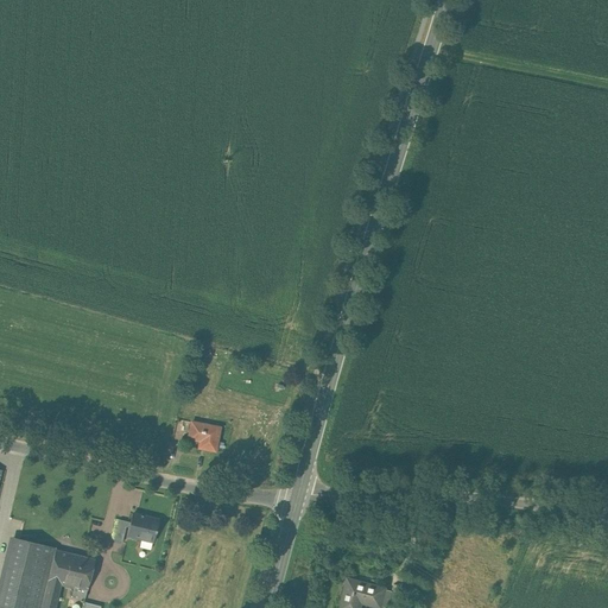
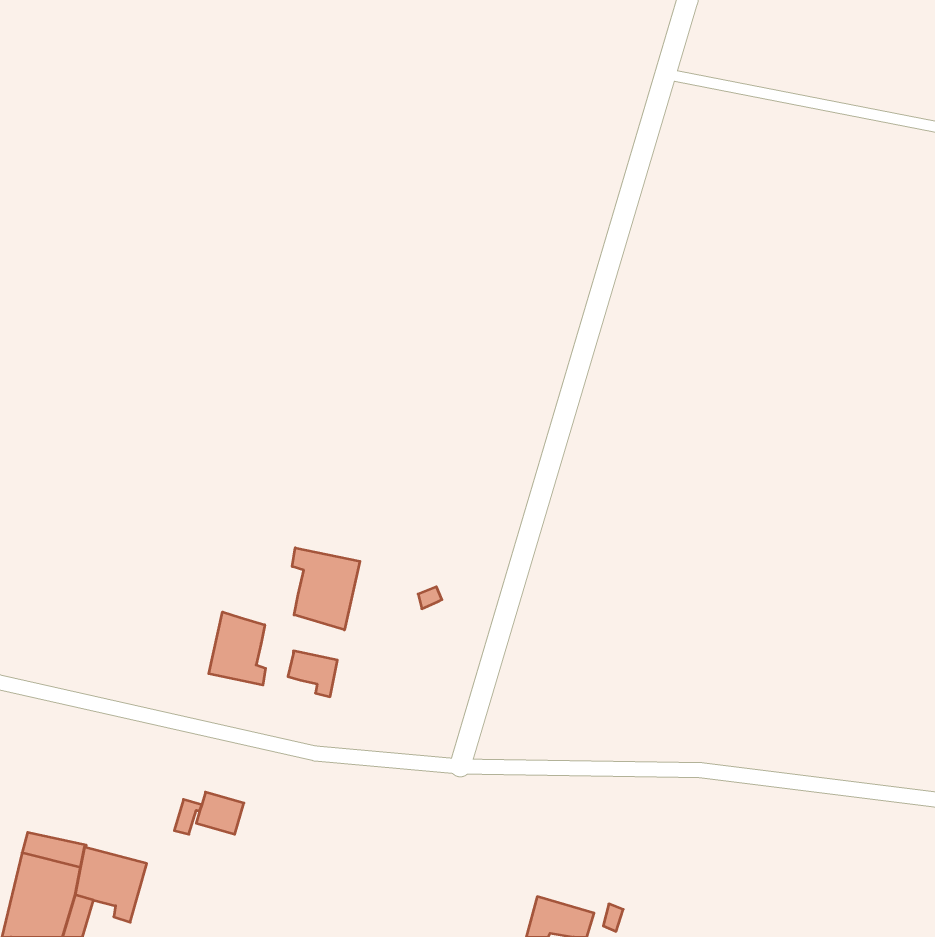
building: none -> [292,548,360,630]
building: none -> [209,612,266,685]

